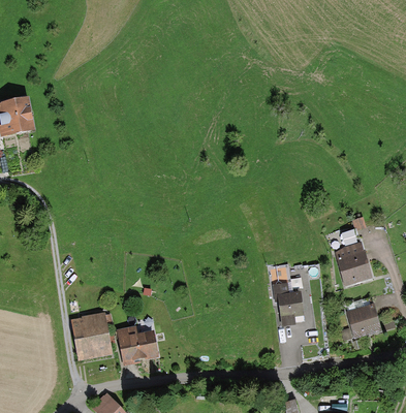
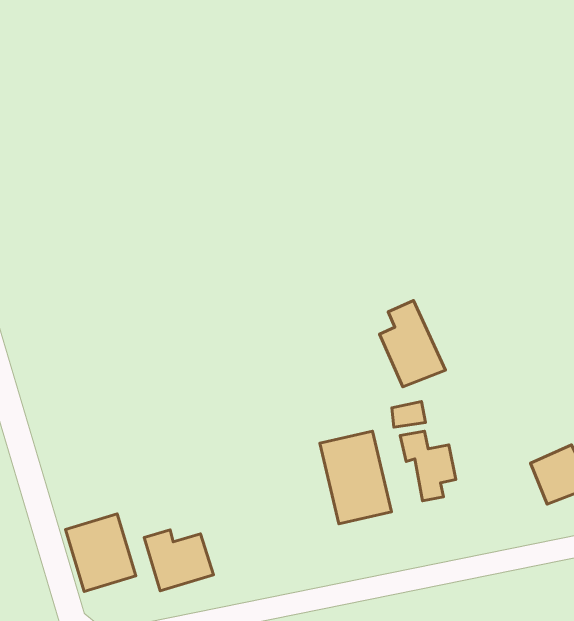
building: [336,232,372,282] -> [380,301,445,387]
building: none -> [320,431,392,524]

